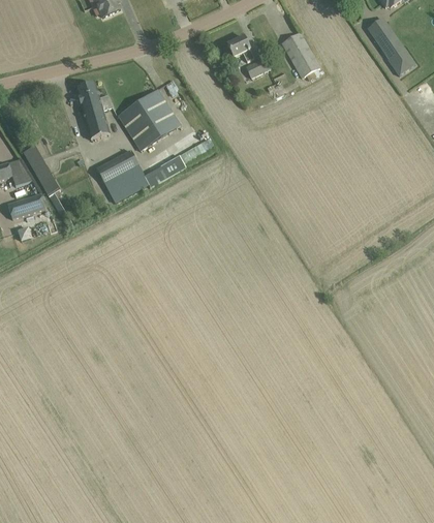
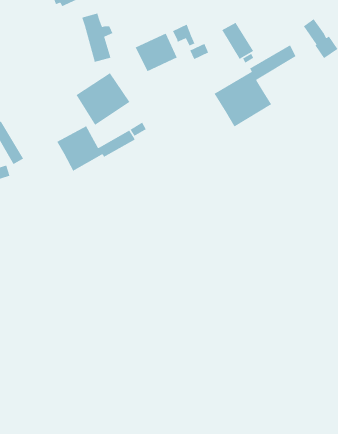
building: none -> [135,33,178,72]
building: none -> [213,44,297,128]
building: [75,82,112,139] -> [81,13,113,63]

